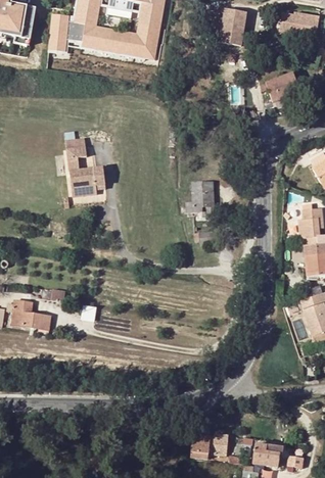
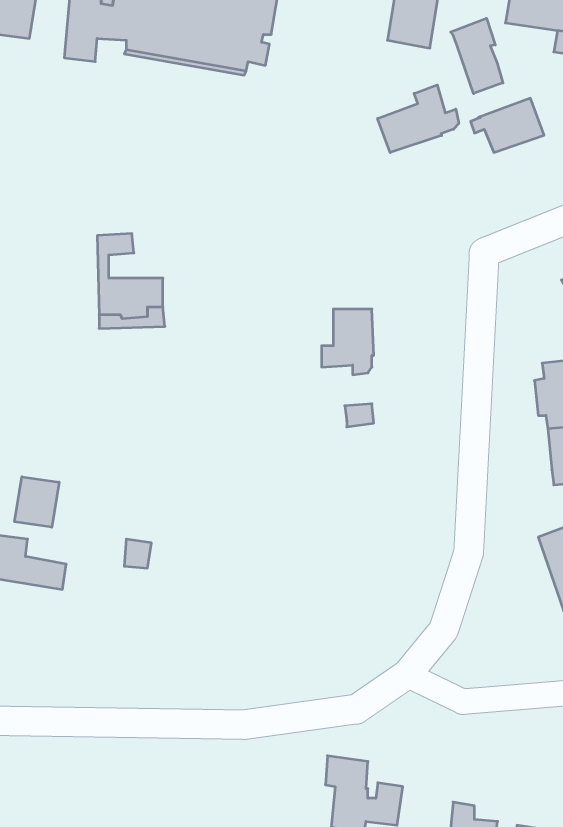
building: none -> [451,18,503,94]
building: none -> [378,85,459,153]
building: none -> [15,477,59,527]

